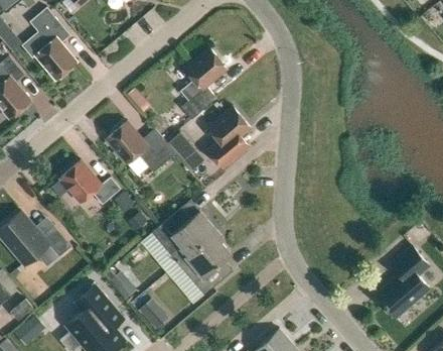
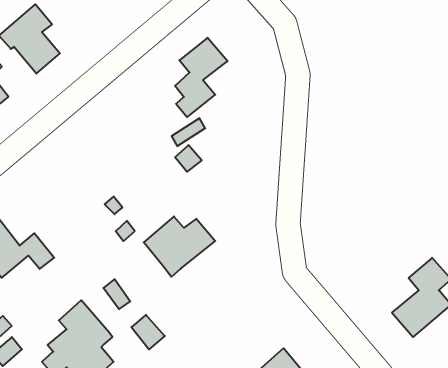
building: [207,107,251,168] -> none
building: [105,122,175,172] -> none
building: [58,160,121,206] -> none
building: [177,232,232,295] -> none

